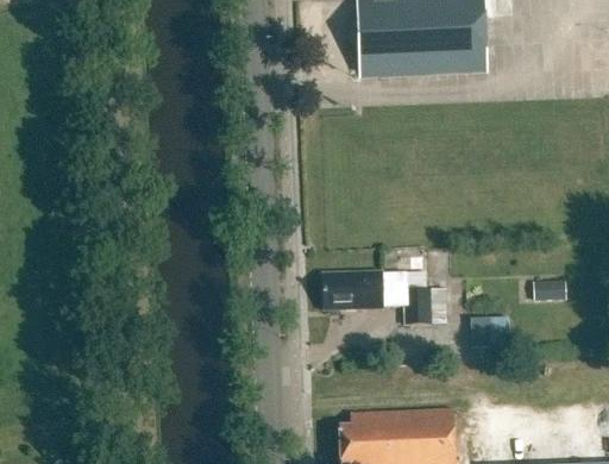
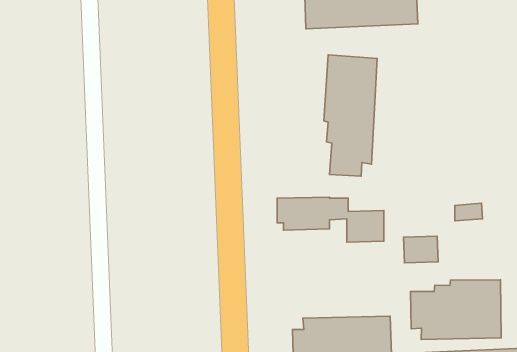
building: none -> [324,55,377,176]
building: none -> [410,280,501,340]

